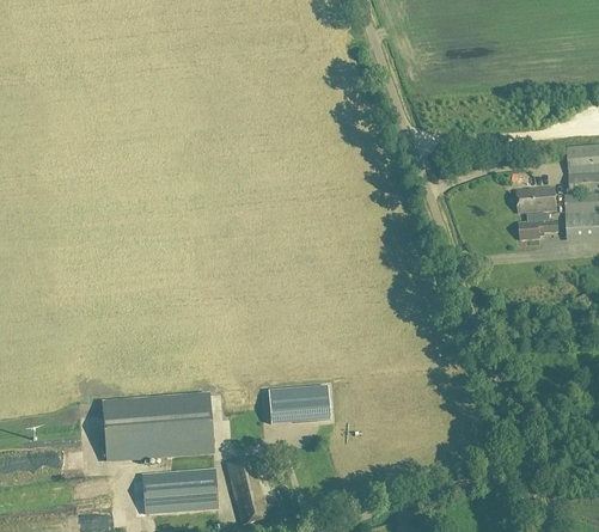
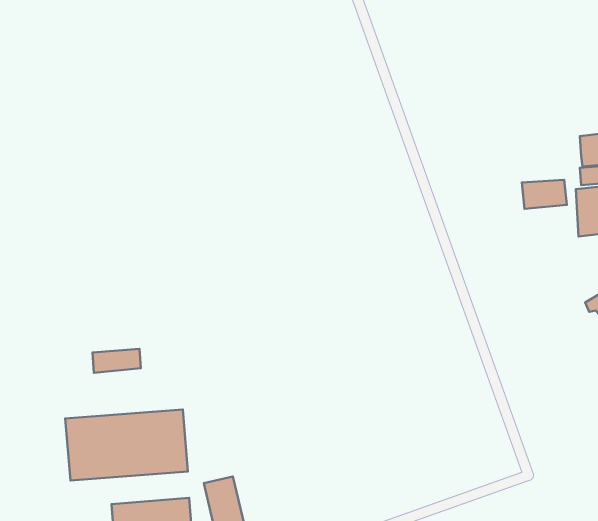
building: [519,212,558,239] -> none
building: none -> [92,349,141,373]
building: [268,385,330,422] -> none

